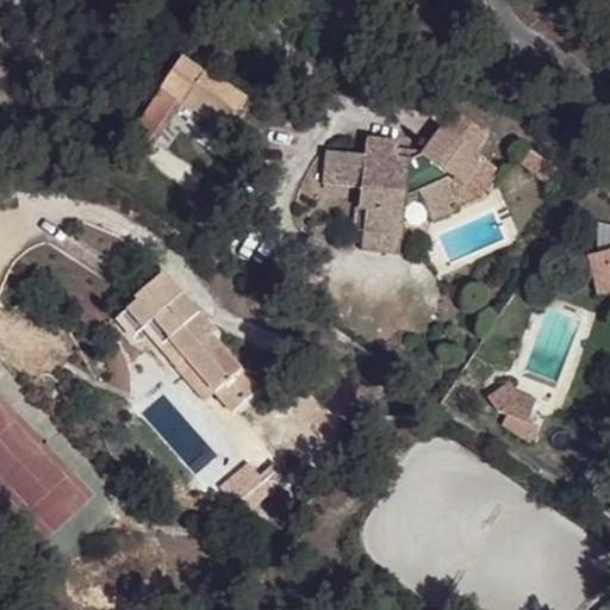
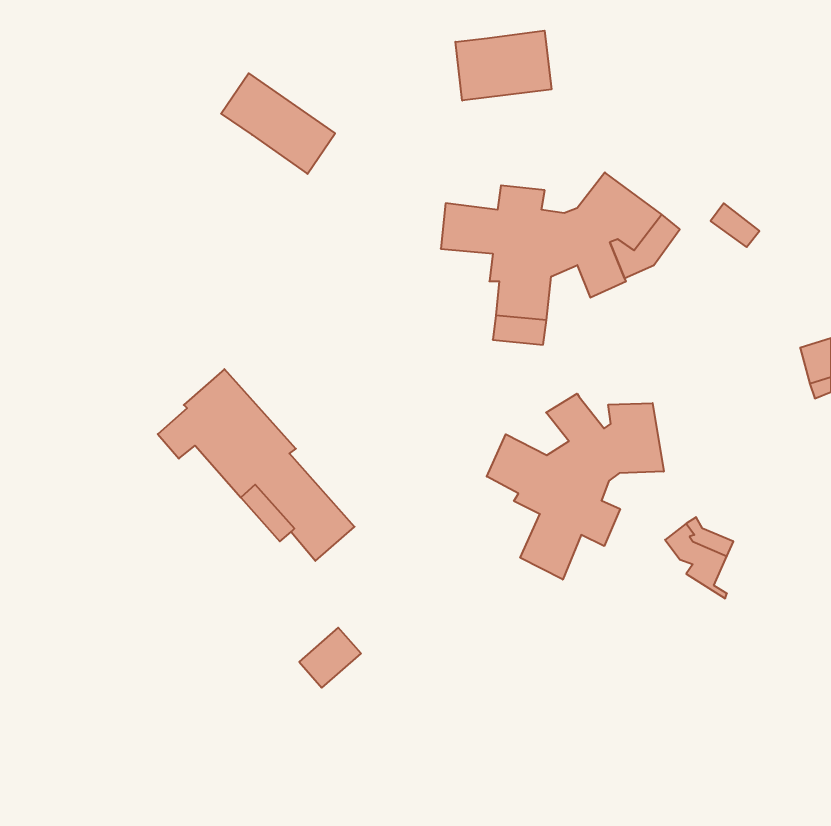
building: none -> [455,31,551,101]
building: [135,83,185,139] -> none
building: none -> [487,394,664,580]

